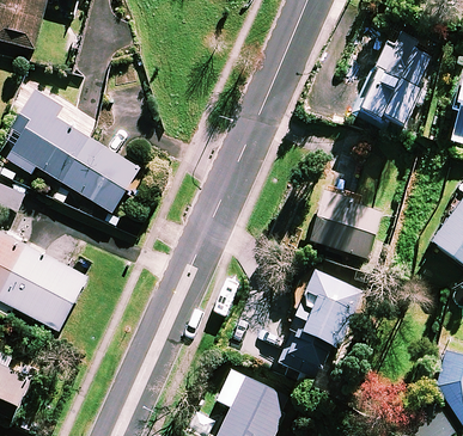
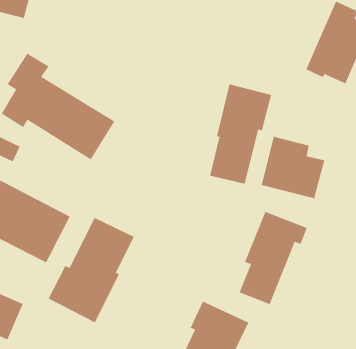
building: none -> [209,84,272,184]
building: none -> [48,217,134,323]

